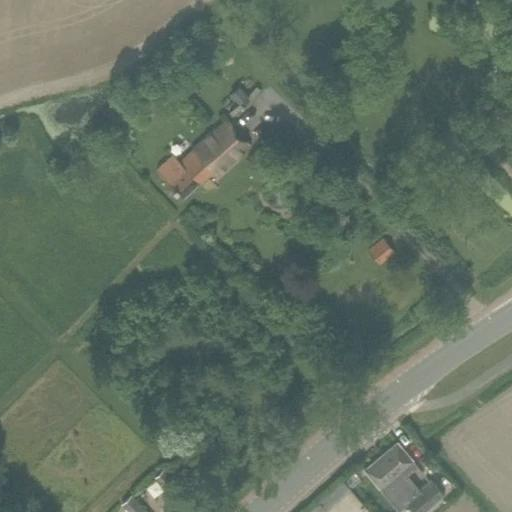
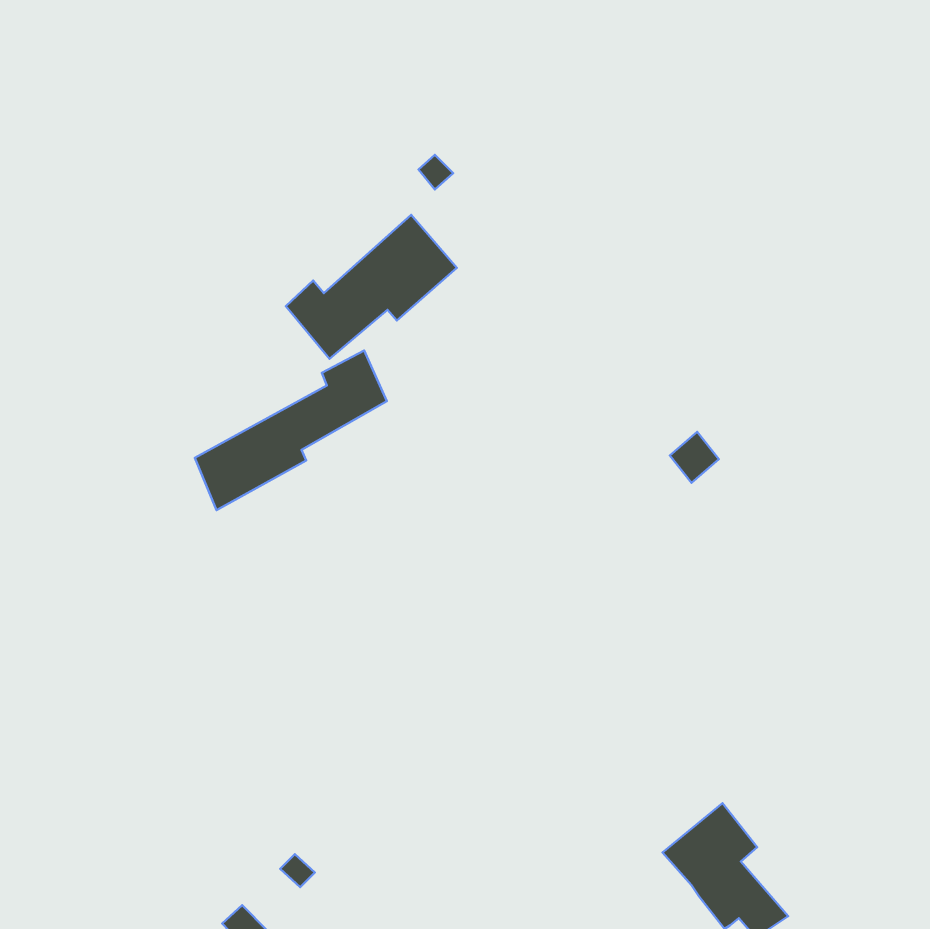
building: none -> [195,351,387,510]

